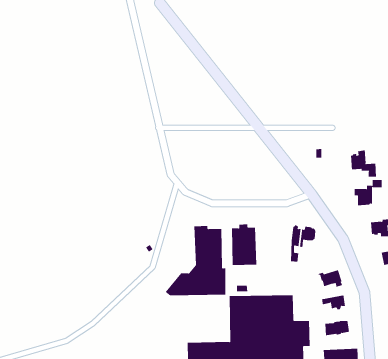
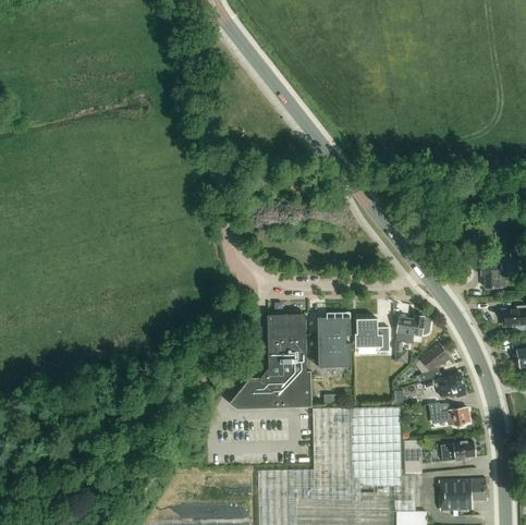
building: [350,150,377,177] -> none
building: none -> [354,319,389,352]
building: none -> [417,344,449,381]

